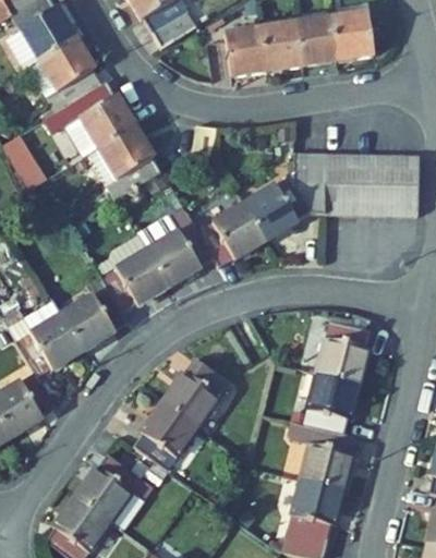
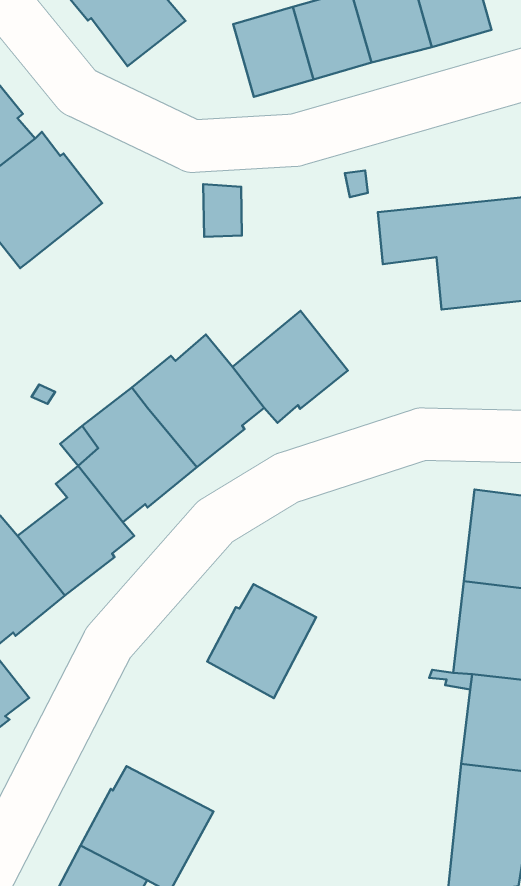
building: [88,125,161,199] -> none
building: [242,174,325,241] -> none
building: [132,399,197,469] -> none

